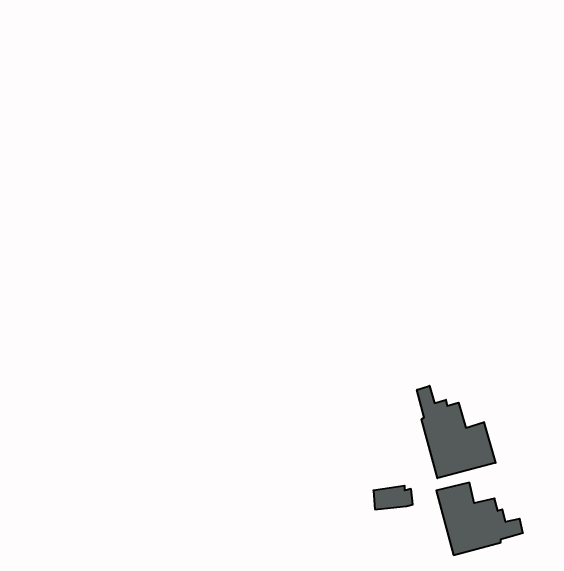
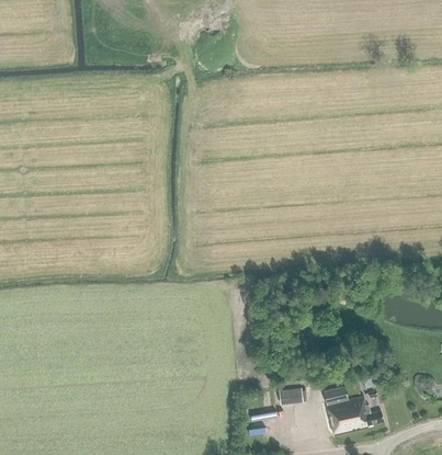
building: [417,386,496,478] -> none

